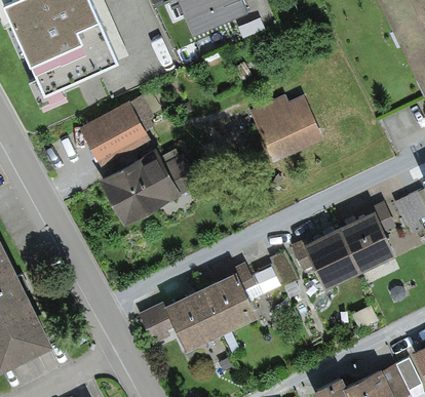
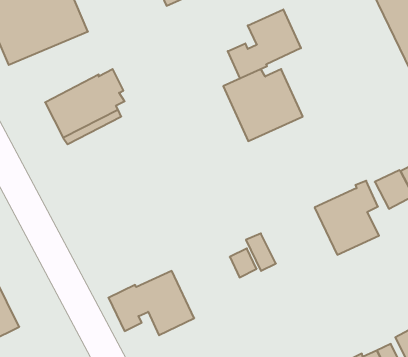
building: none -> [228,9,301,79]
building: [96,148,200,227] -> none
building: [289,230,356,290] -> none
building: [198,265,258,335] -> none

